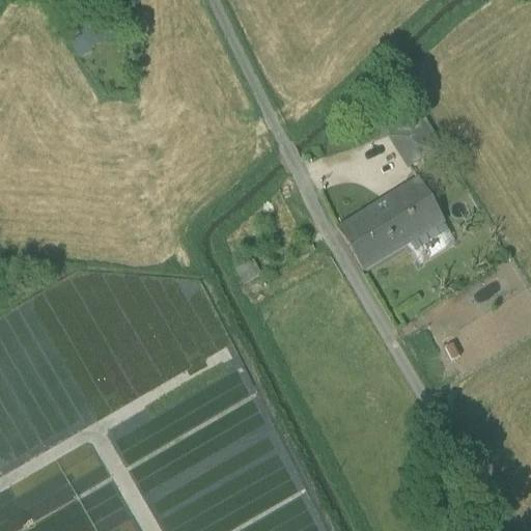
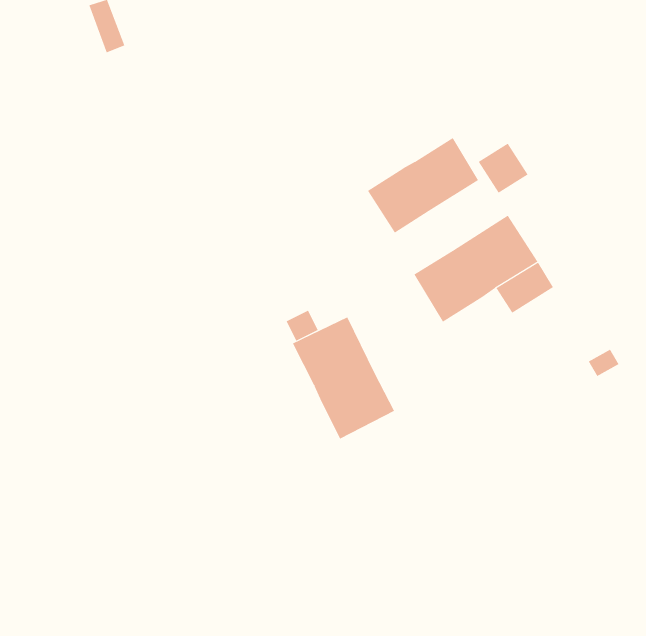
building: none -> [367,137,479,233]
building: none -> [292,316,395,440]

